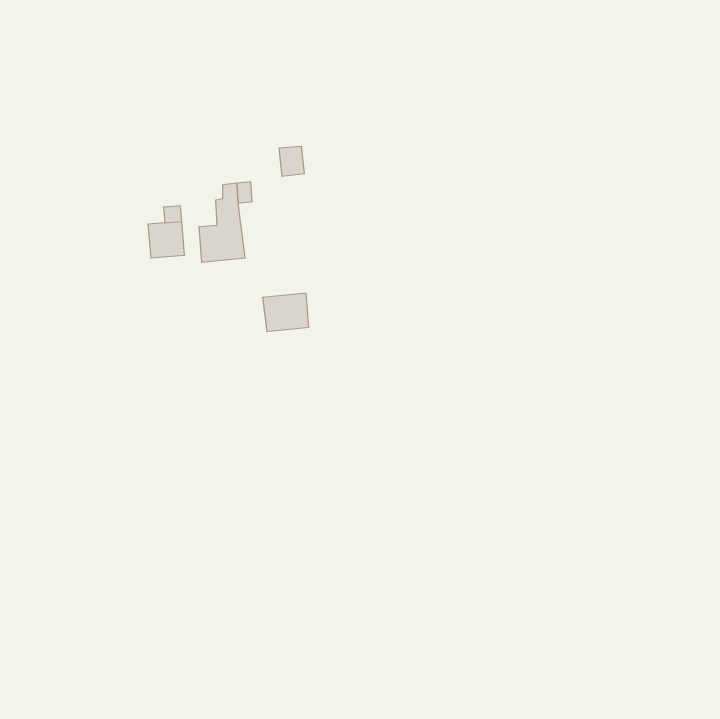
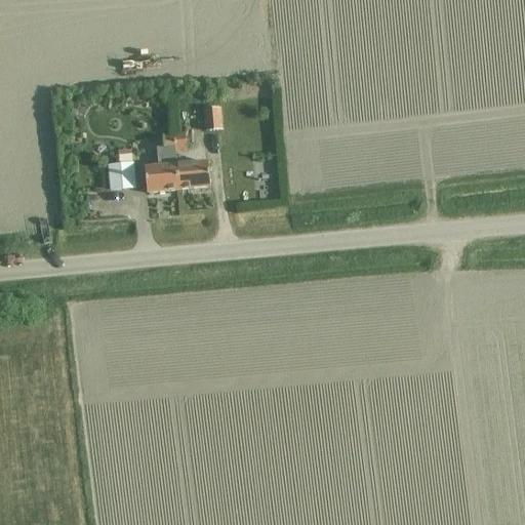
building: [262,293,309,331] -> [175,160,209,188]

